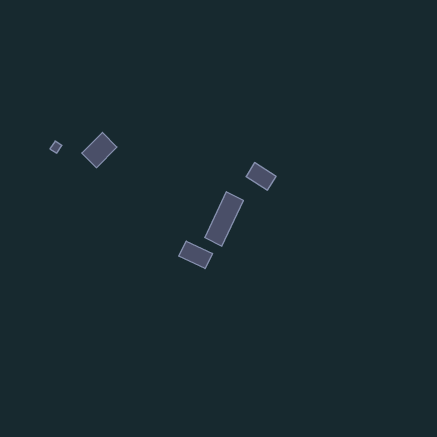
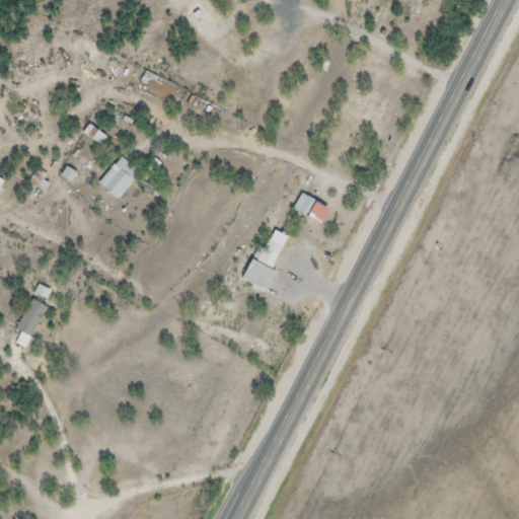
building: [179,241,212,269] -> none
building: none -> [16,298,48,336]

